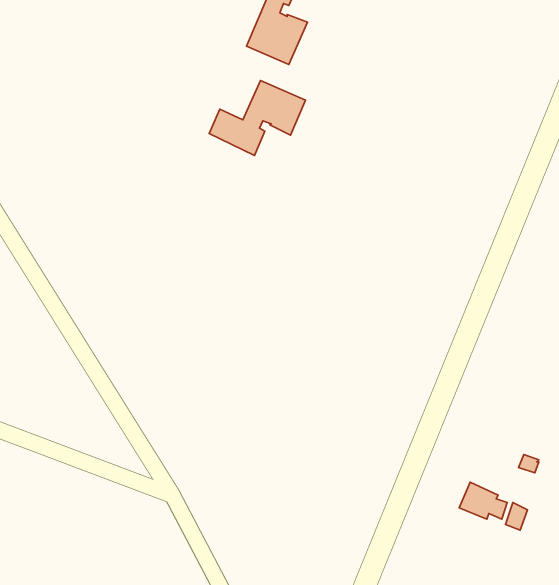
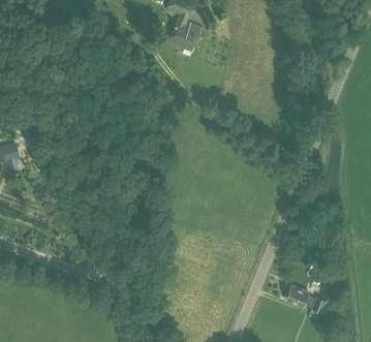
building: [209,81,306,155] -> none

